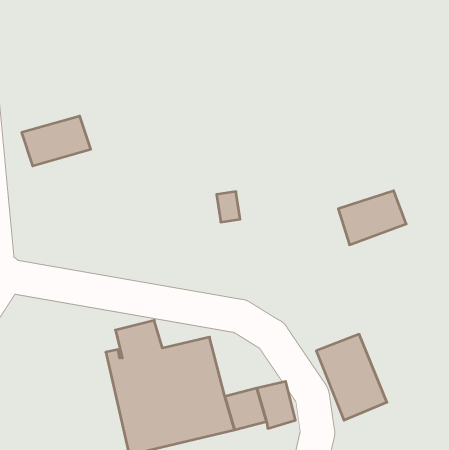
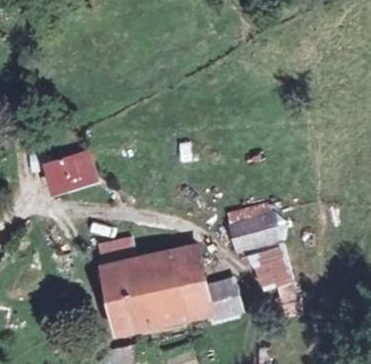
building: [22,116,91,166] -> [44,153,95,189]
building: [338,191,406,245] -> [229,212,279,251]
building: none -> [172,244,206,294]

